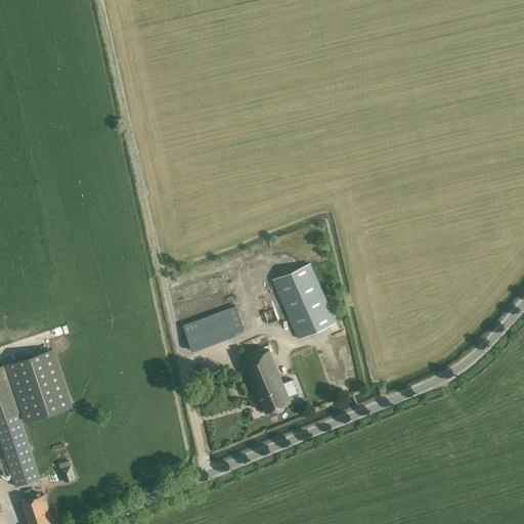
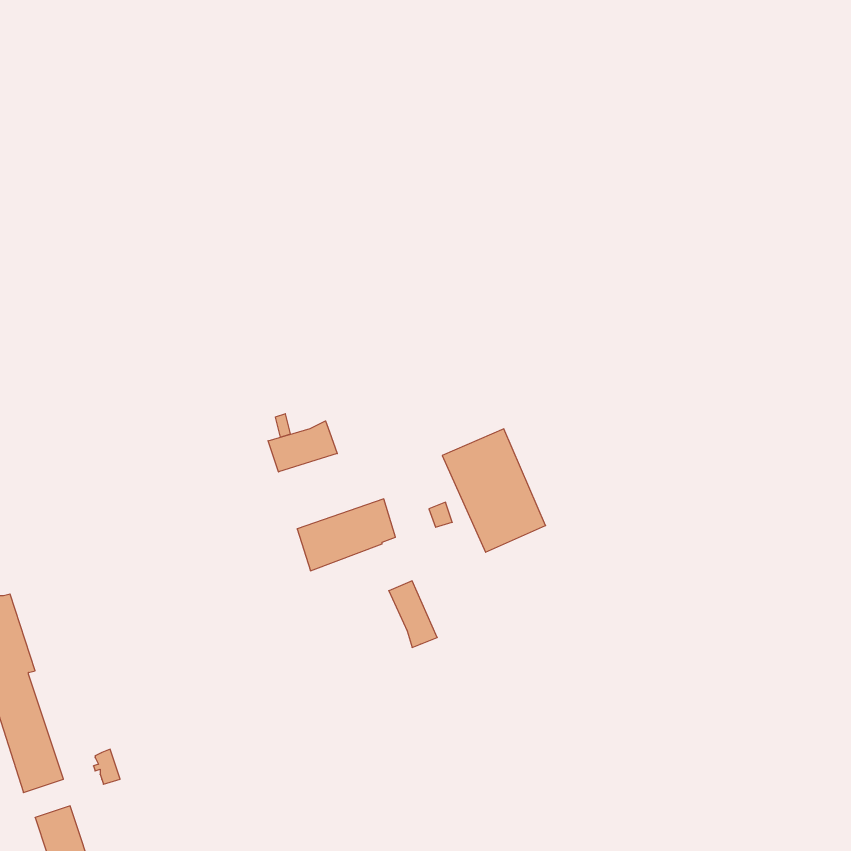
building: none -> [268,421,337,472]
building: [6,350,70,422] -> none
building: [253,351,297,412] -> none

